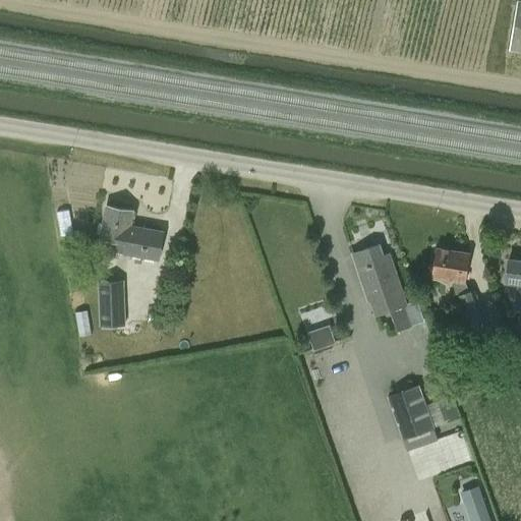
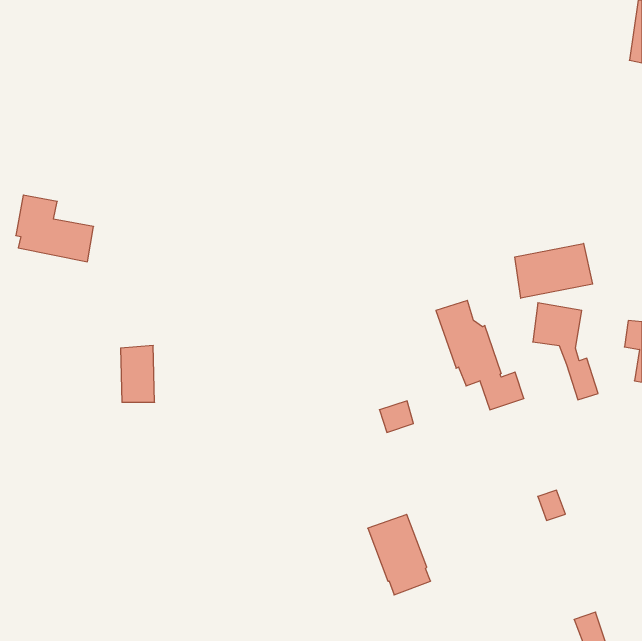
building: none -> [515,243,593,298]
building: [100,207,163,260] -> [16,195,94,262]
building: [387,386,438,451] -> [368,514,431,595]

